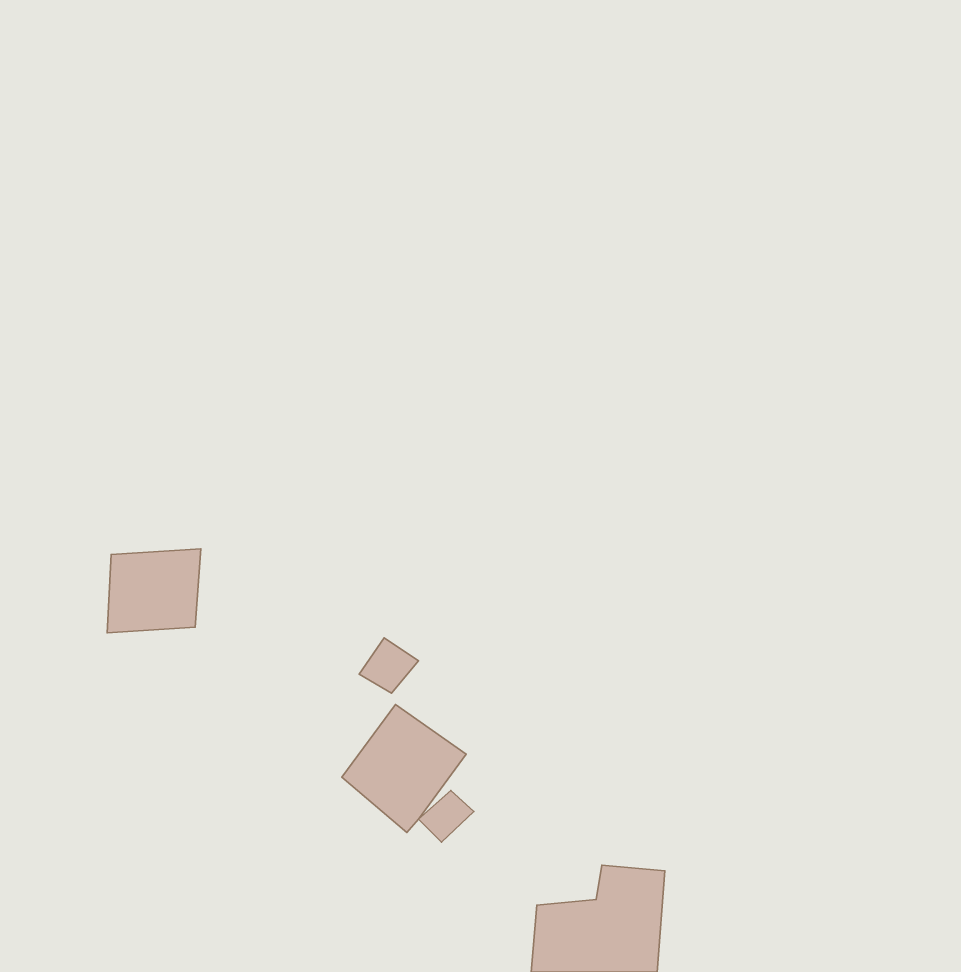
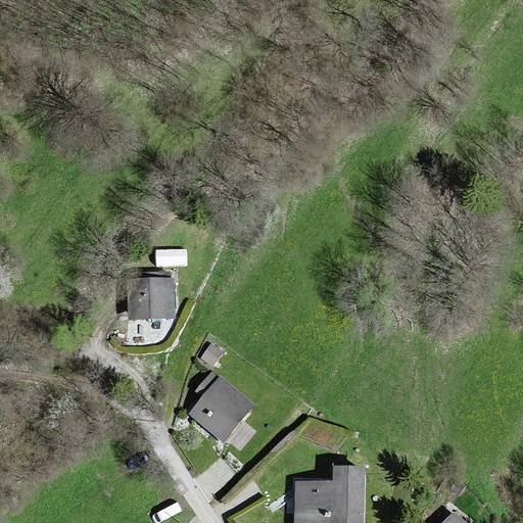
building: [107,549,201,633] -> [125,279,175,324]

